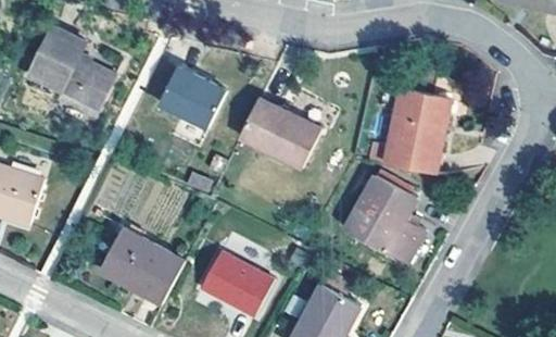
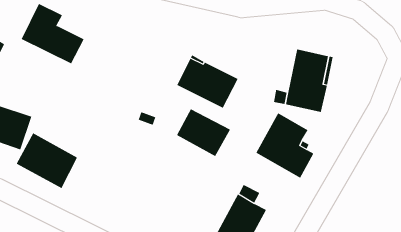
building: [157,65,225,126] -> none
building: [100,226,184,302] -> [16,133,78,189]
building: [200,250,274,315] -> [176,108,231,157]

